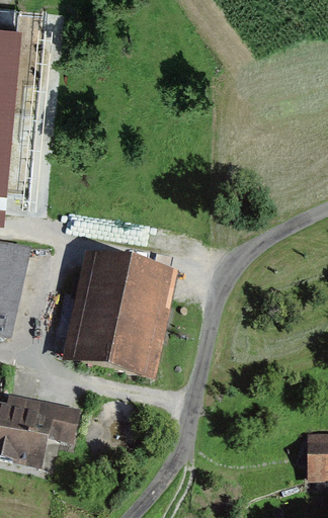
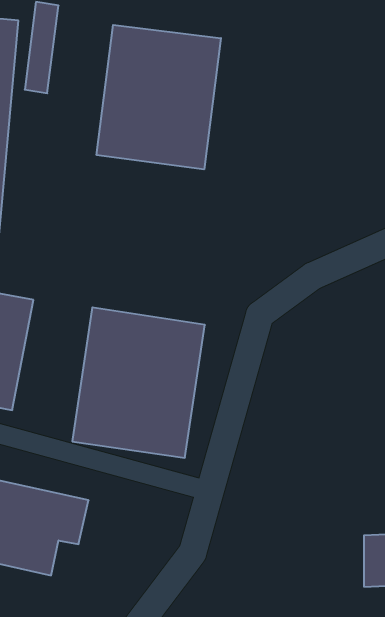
building: none -> [97,25,221,169]

